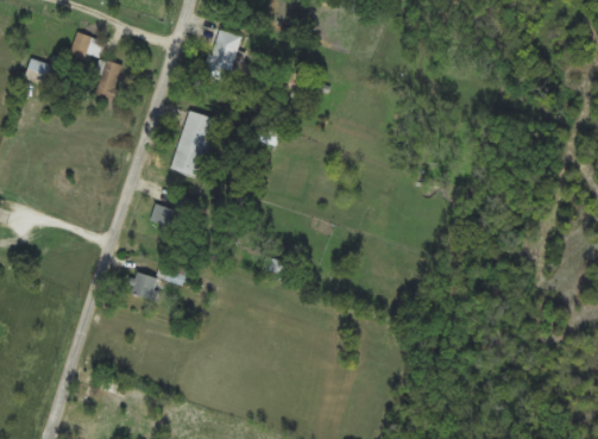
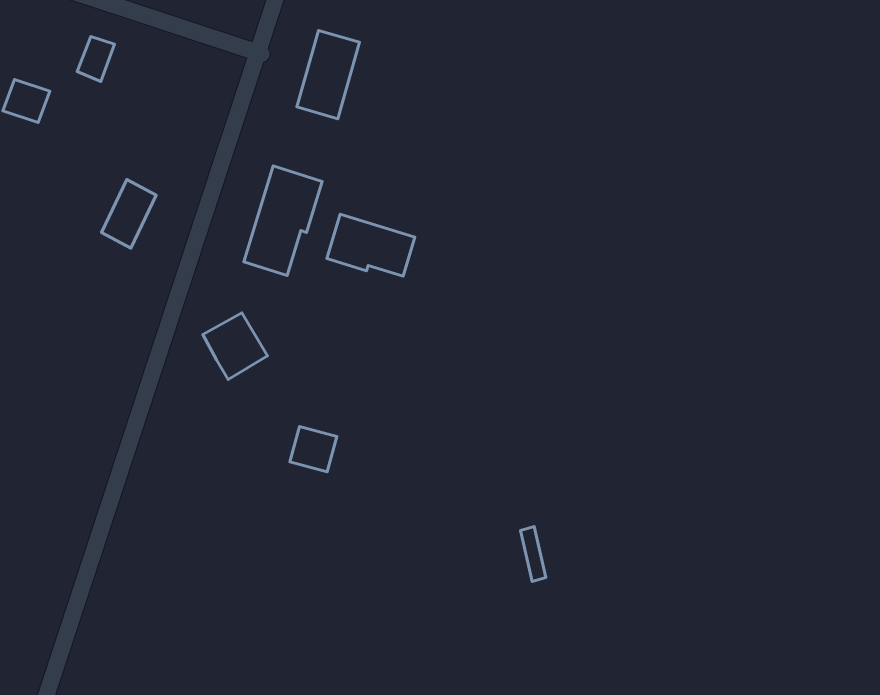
building: [92,58,125,100] -> [101,179,156,248]
building: none -> [327,214,415,276]
building: [128,272,157,300] -> [290,427,337,472]

